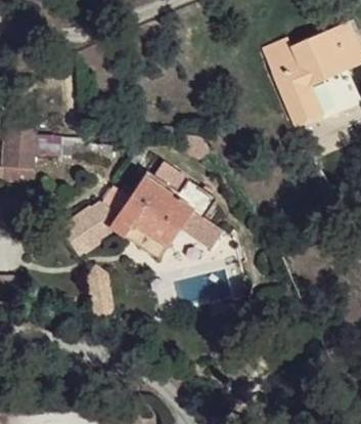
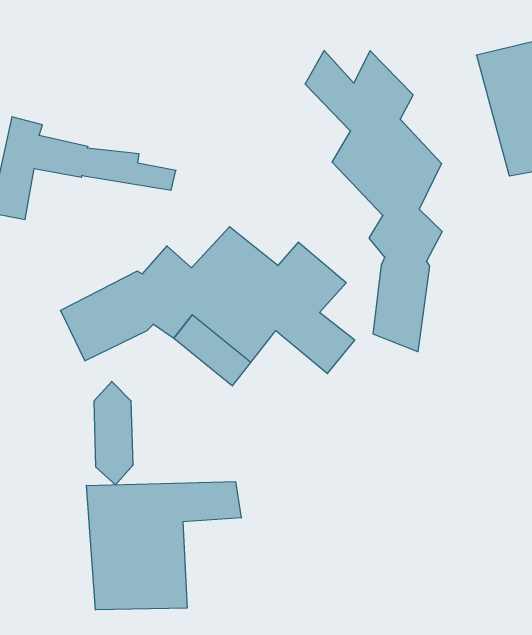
building: none -> [305,51,442,352]
building: none -> [87,482,241,610]

